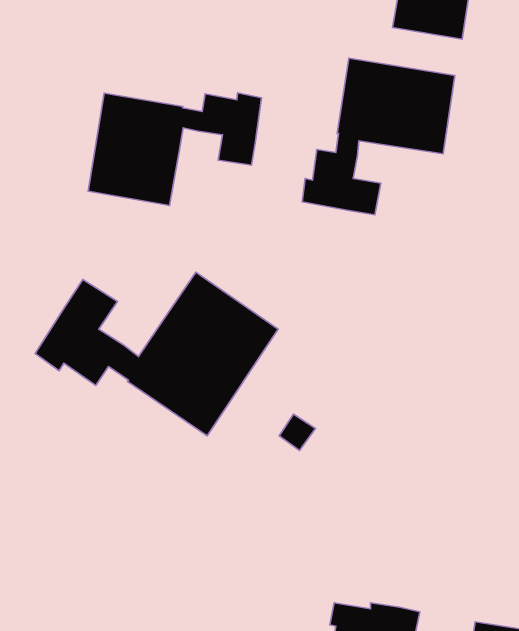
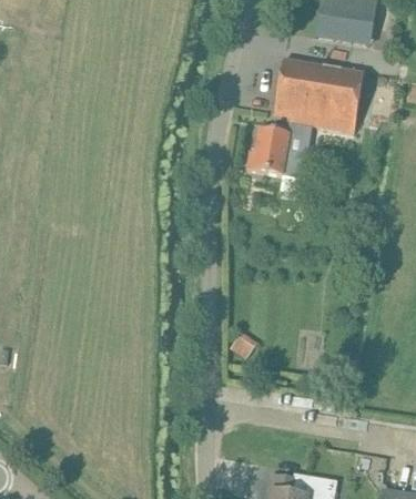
building: [88,93,262,206] -> none
building: [35,272,278,436] -> none

